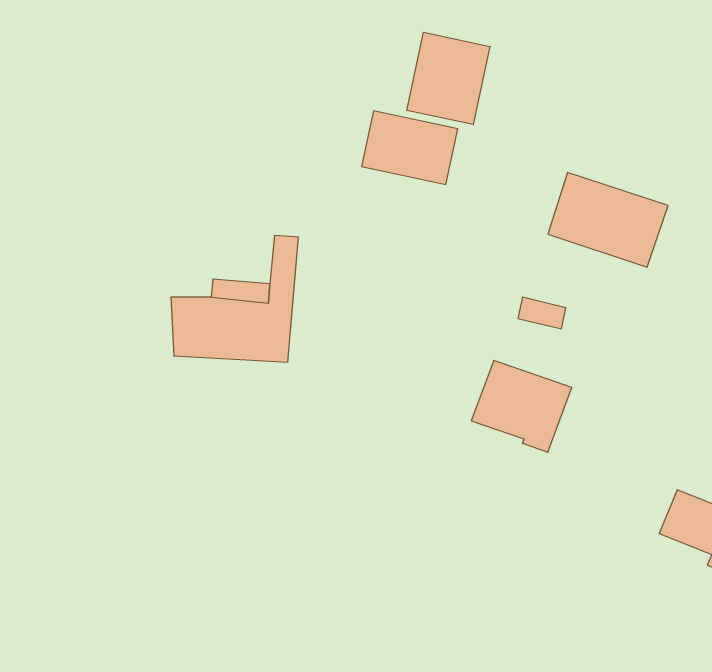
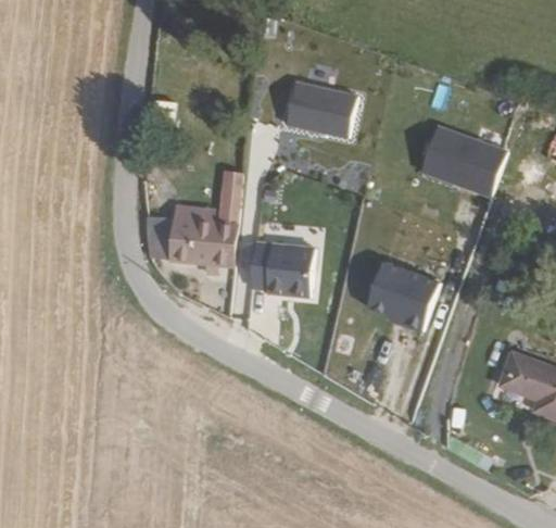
building: [407,32,490,125] -> none
building: none -> [251,243,314,297]

